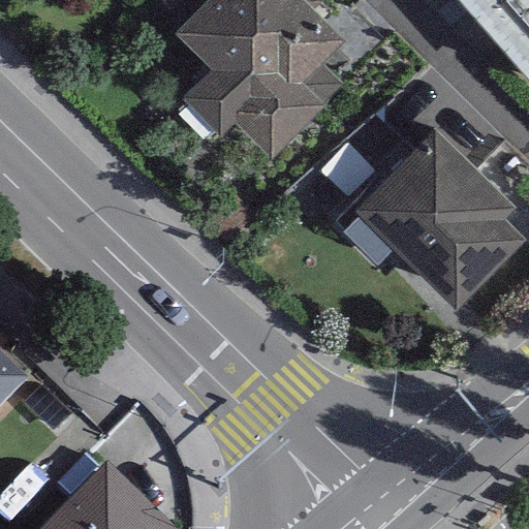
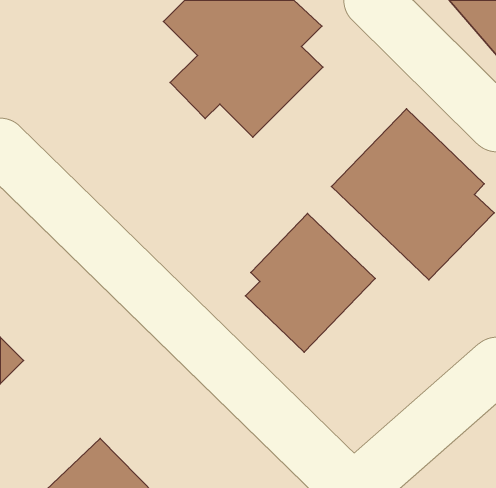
building: none -> [246,214,375,352]

